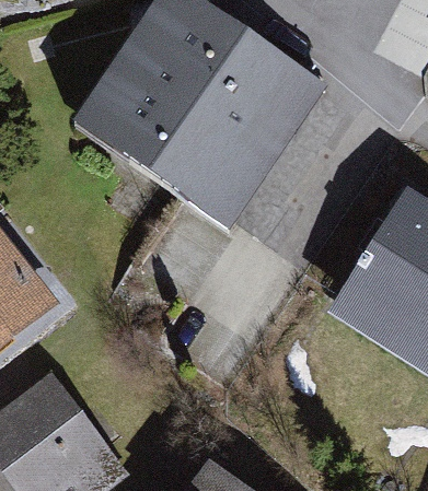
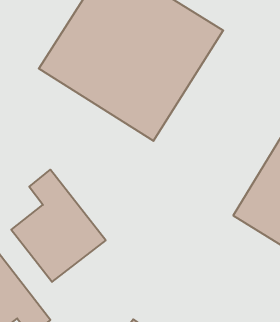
building: none -> [11,170,106,282]

